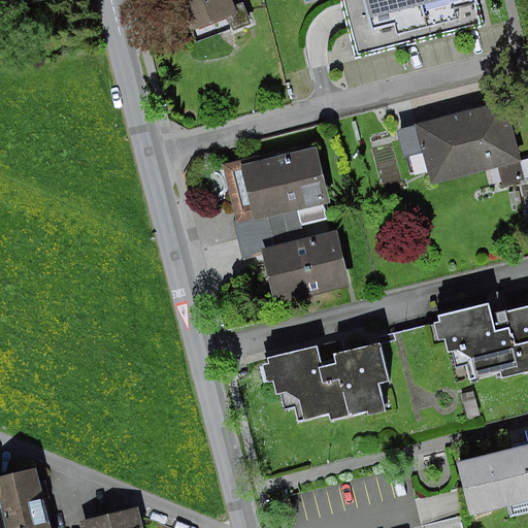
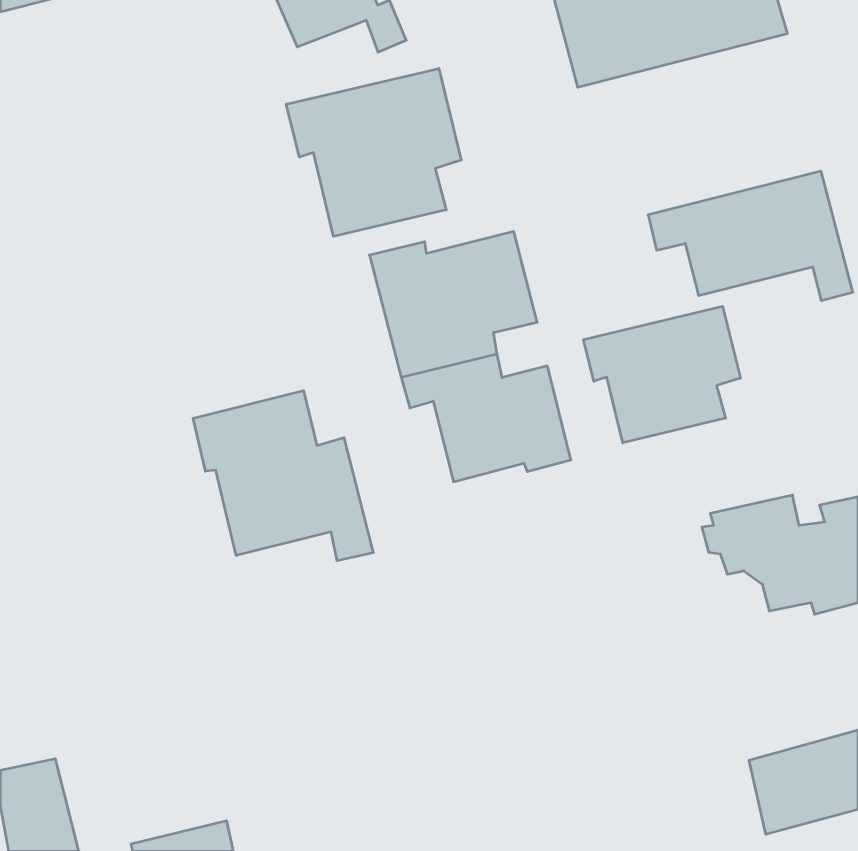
building: none -> [286,68,461,236]
building: none -> [583,306,740,443]
building: none -> [193,391,373,561]
building: [261,343,385,421] -> none

